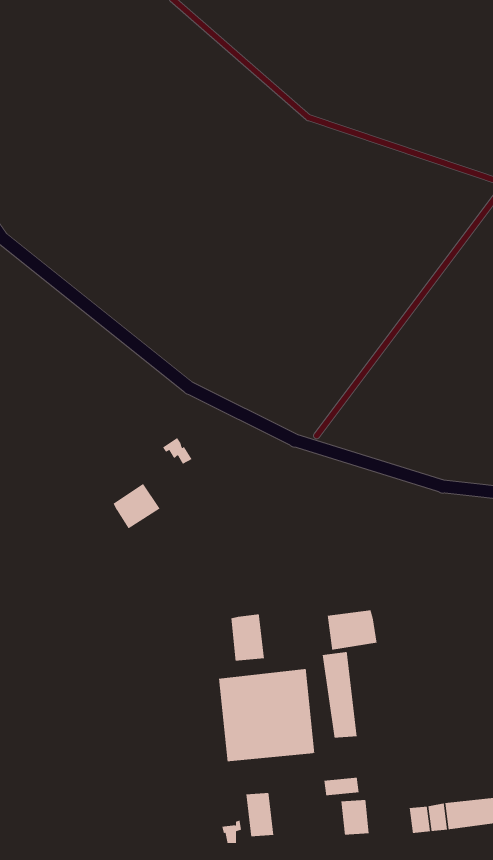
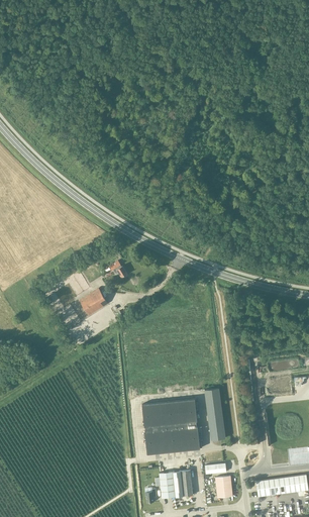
building: [327,609,377,650] -> none
building: [231,613,265,662] -> none
building: none -> [173,471,193,498]

